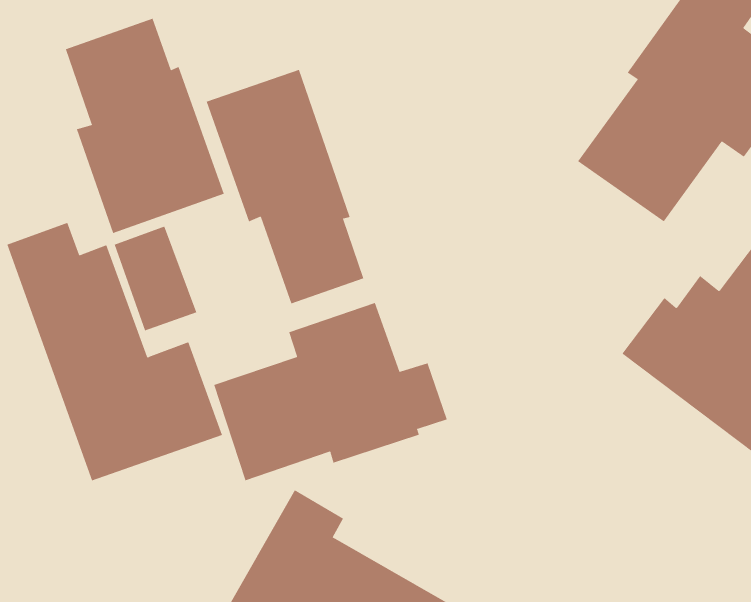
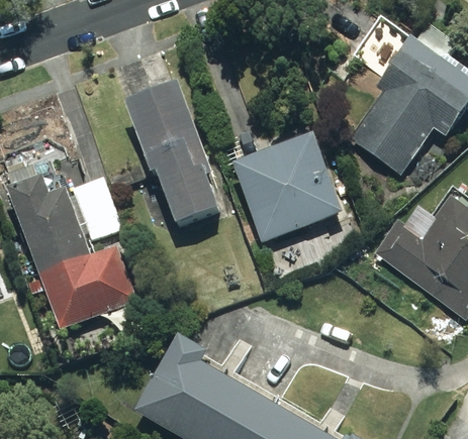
building: [65,18,225,234] -> none
building: none -> [232,133,344,241]
building: [214,302,448,481] -> none

